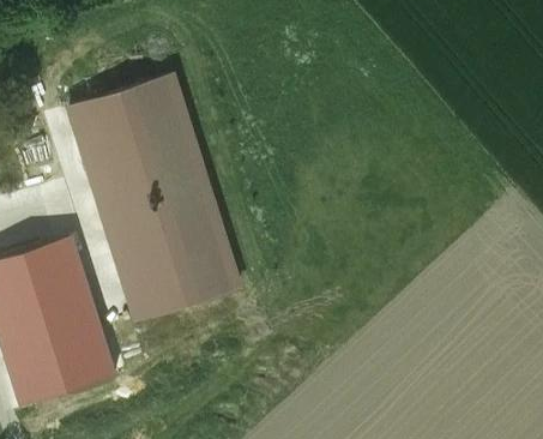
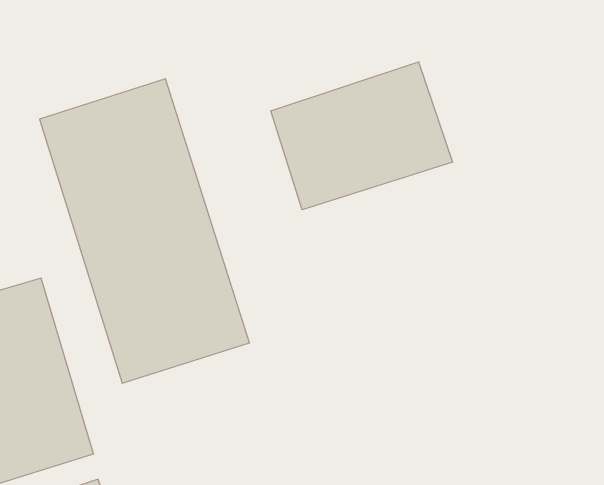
building: none -> [271,62,453,210]

